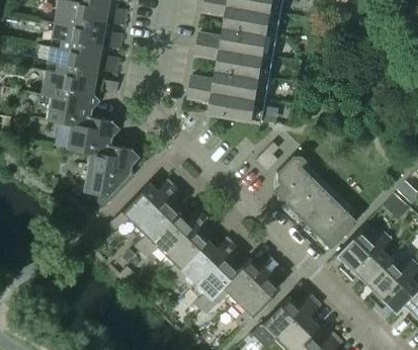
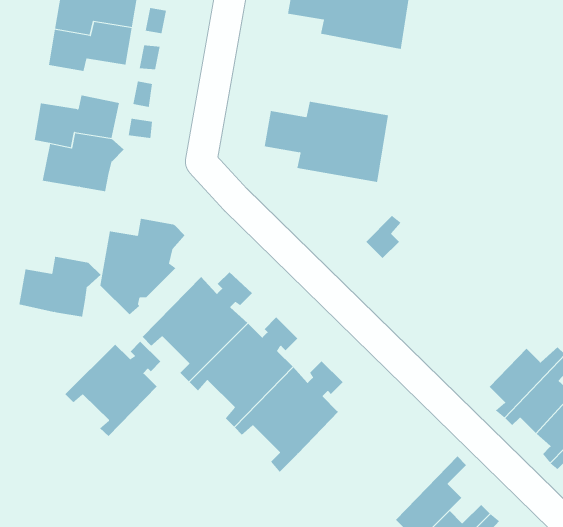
building: [197,25,279,78] -> none
building: [46,41,101,74] -> none
building: [67,116,120,156] -> [19,256,101,317]
building: [273,156,357,248] -> none
building: none -> [65,341,161,437]
building: [213,254,282,327] -> none
building: [260,292,316,340] -> none

